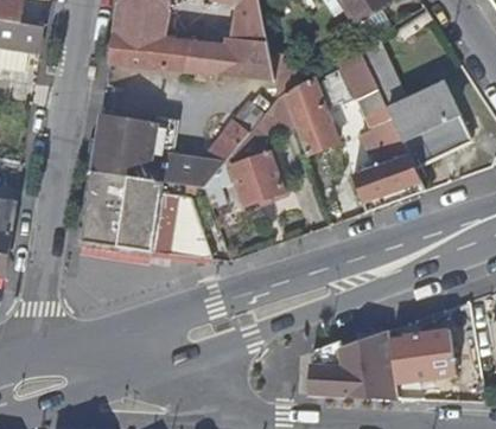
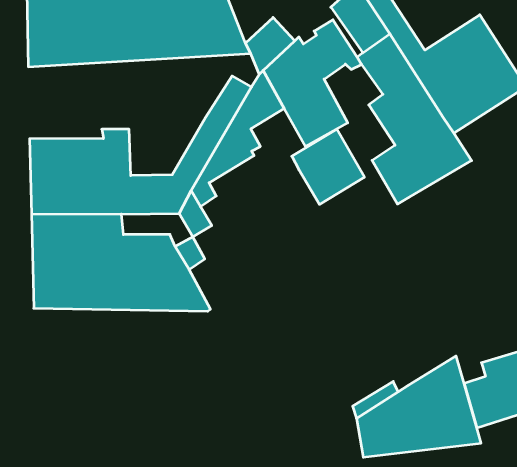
building: [228,155,279,209] -> [292,129,364,204]

